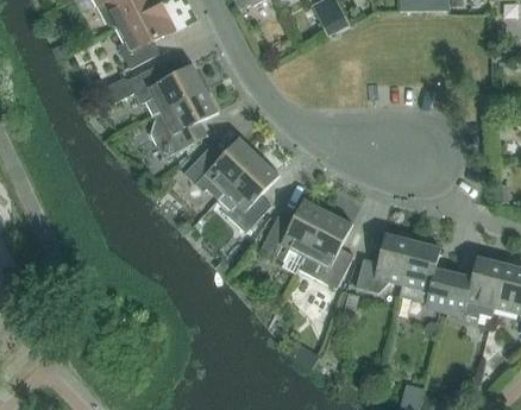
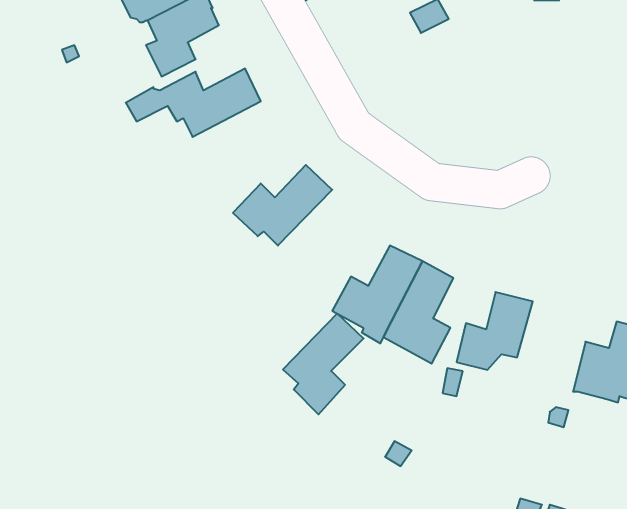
building: [150,87,218,157] -> none
building: [218,154,280,232] -> [283,314,364,414]
building: [398,240,453,309] -> none

